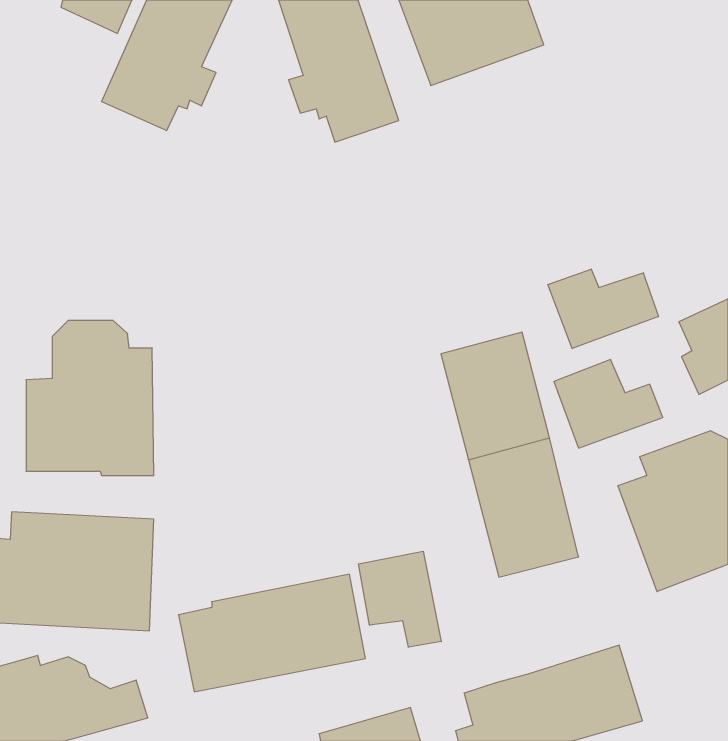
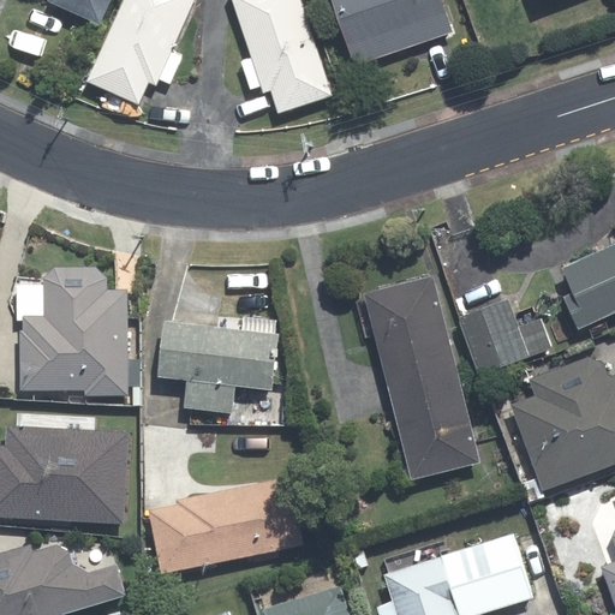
building: [548,269,658,349] -> none
building: none -> [160,315,279,412]
building: [358,551,441,647] -> none

